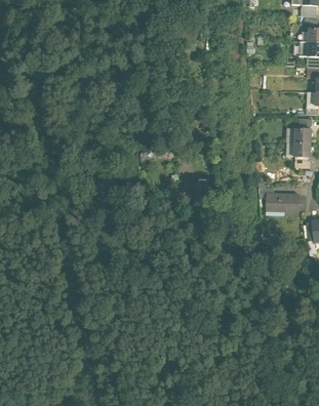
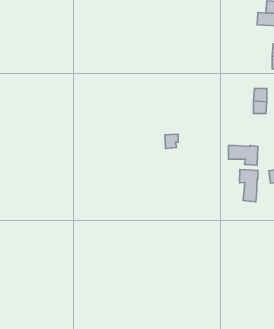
building: none -> [239,170,258,202]

